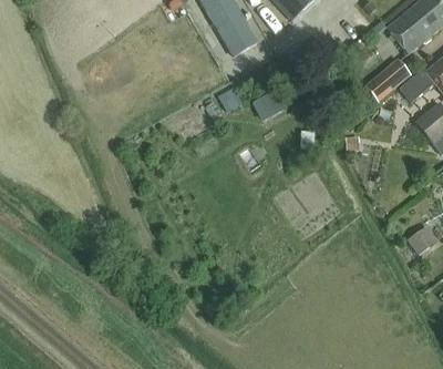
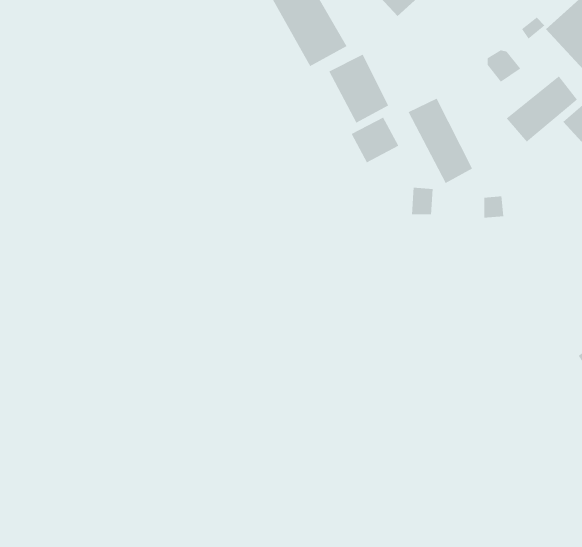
building: none -> [329,54,389,123]
building: none -> [408,98,473,184]

